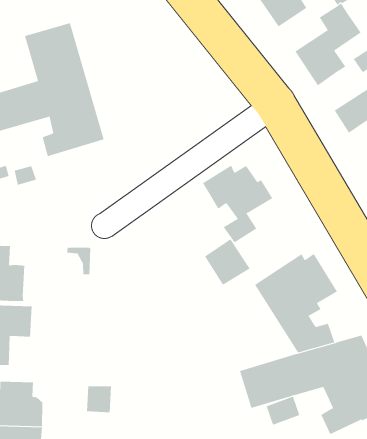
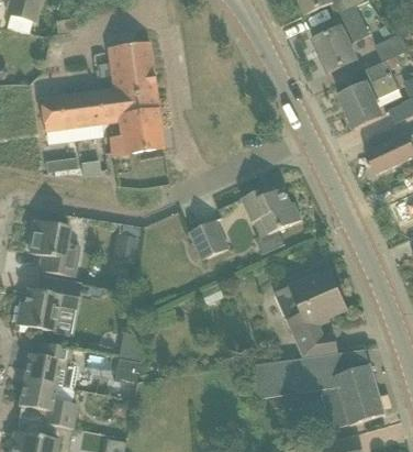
building: [204,239,250,285] -> [190,220,228,260]

